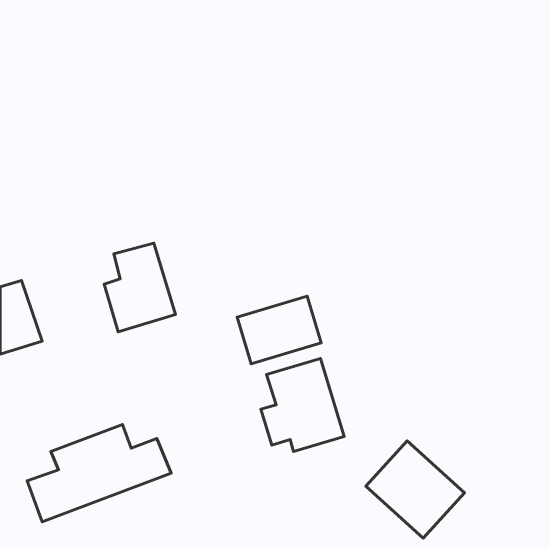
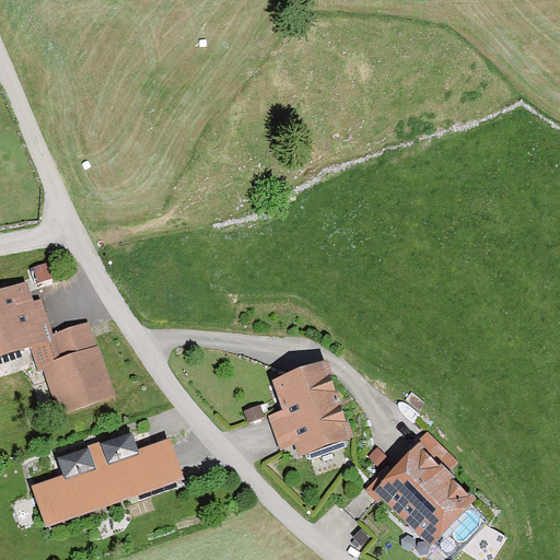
building: [104,243,176,332] -> [42,322,114,411]
building: [237,296,321,364] -> none

